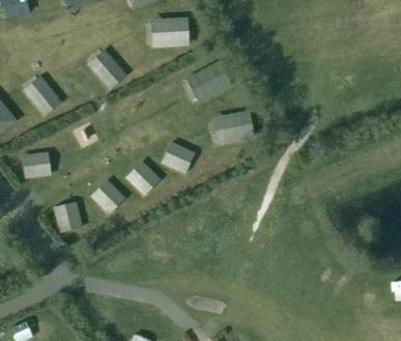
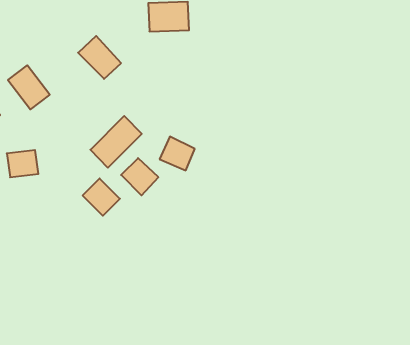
building: [185,61,230,102] -> none
building: [212,111,253,143] -> none
building: none -> [90,116,142,168]
building: [53,201,81,231] -> none

